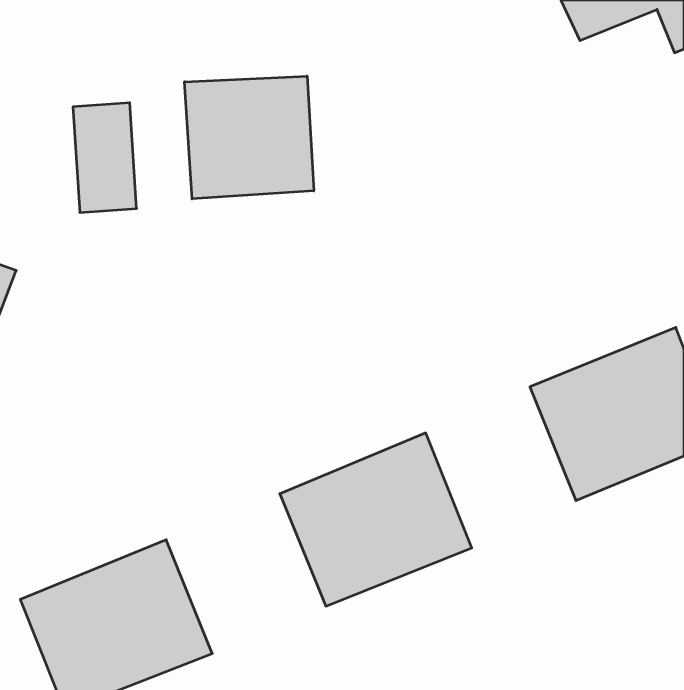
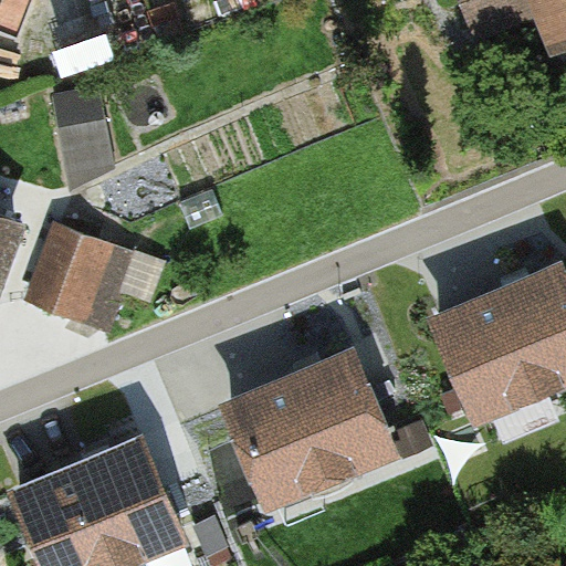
building: [185,76,314,199] -> none
building: none -> [31,227,132,326]

